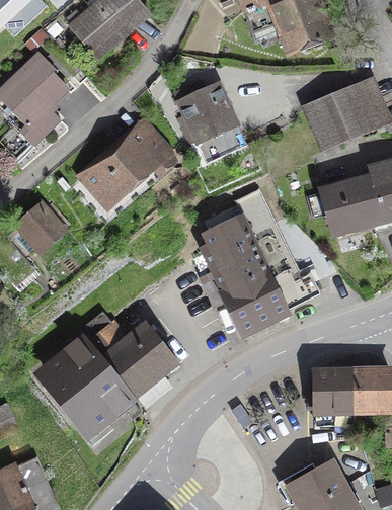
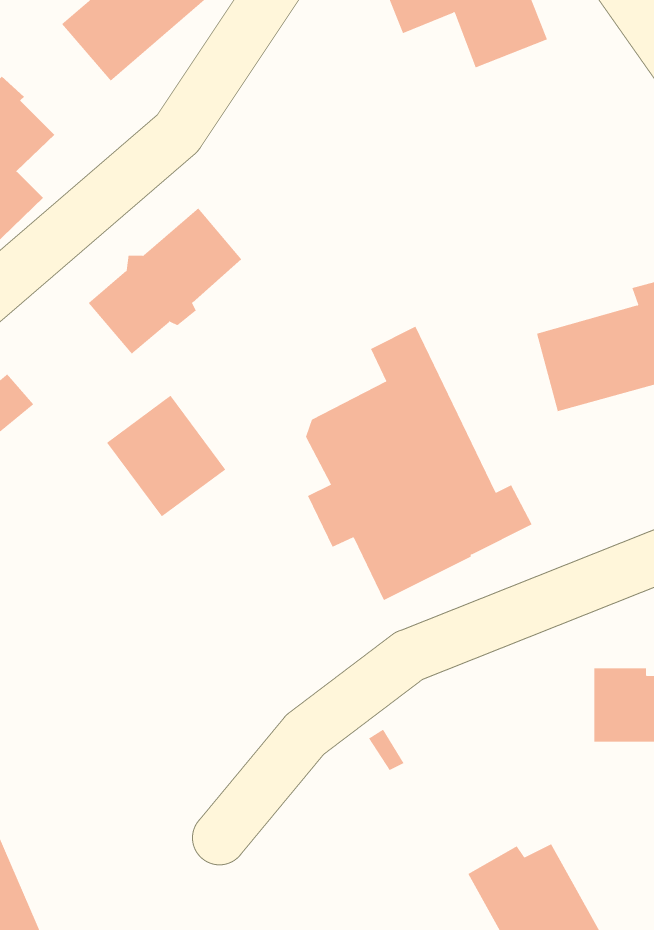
building: [174,83,245,162] -> none
building: [305,84,376,149] -> none
building: [105,319,169,384] -> [106,395,226,517]
building: [43,342,135,437] -> none
building: [313,372,351,425] -> none

